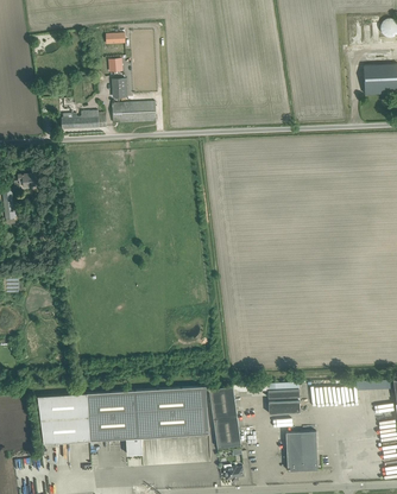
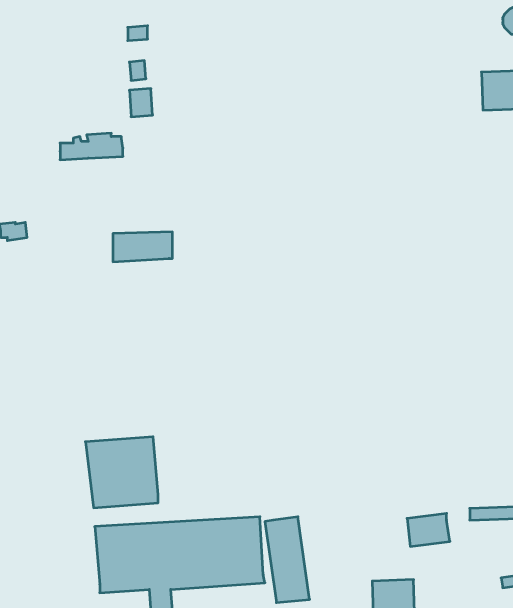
building: [112,102,155,124] -> [113,232,172,262]
building: [267,388,300,414] -> none
building: [37,393,89,444] -> [85,437,158,508]

